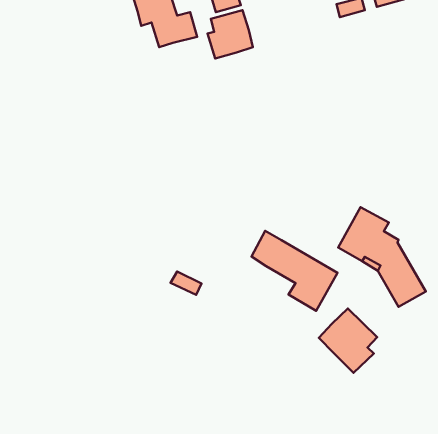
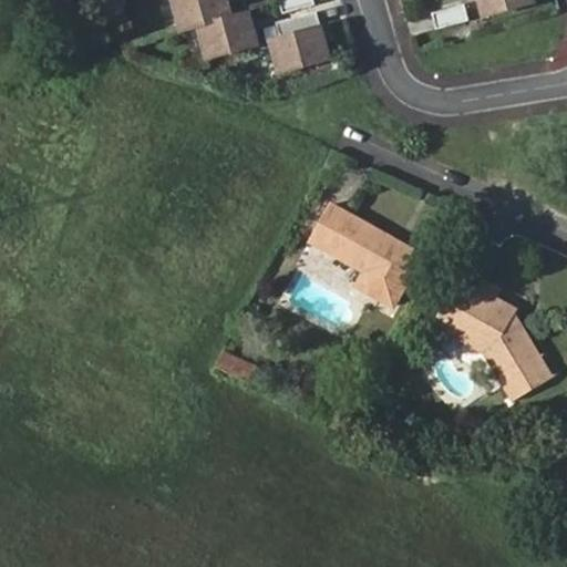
building: [252,231,338,311] -> [316,202,426,305]
building: [319,308,377,373] -> none

